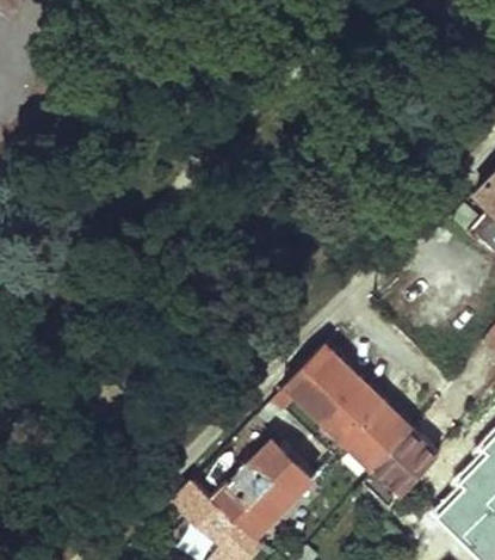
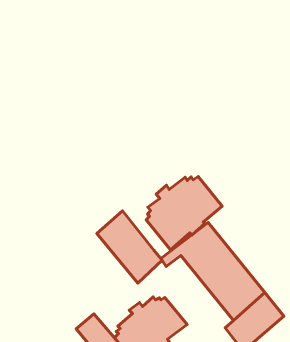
building: none -> [146,176,222,250]
building: none -> [97,211,162,283]

